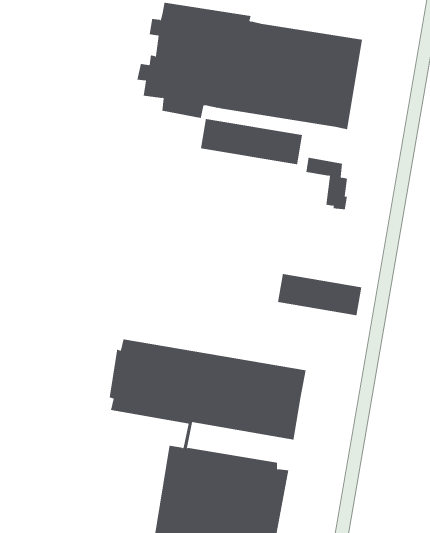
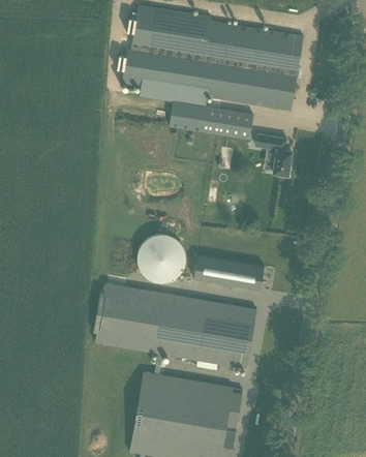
building: [277,273,362,316] -> [194,254,265,290]
building: none -> [138,235,186,282]

